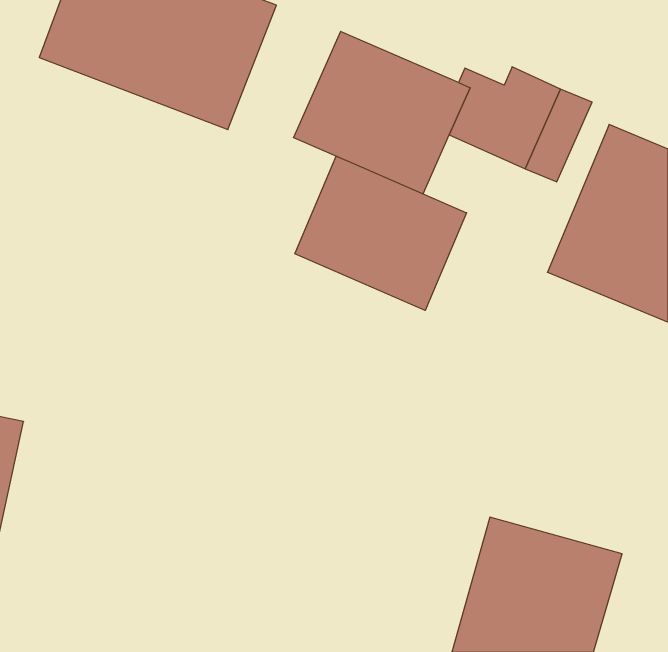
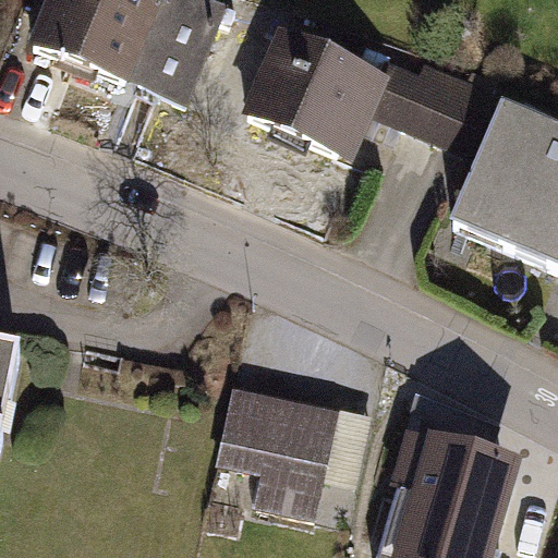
building: [295,156,467,310] -> none
building: none -> [218,381,374,512]

